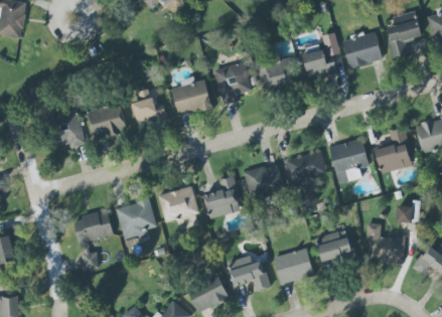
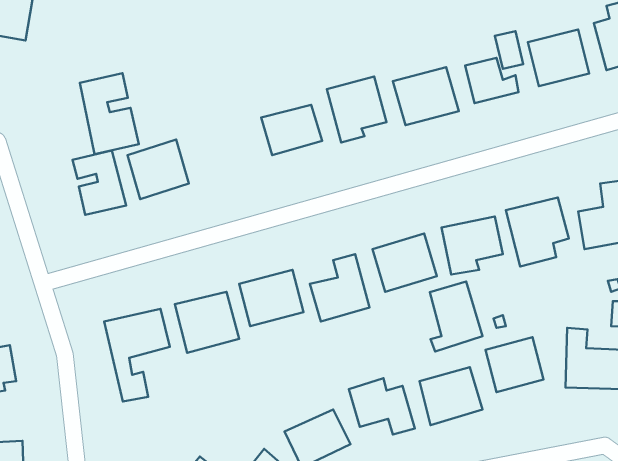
building: none -> [80,73,139,154]
building: [132,89,166,125] -> none
building: none -> [430,281,482,352]

